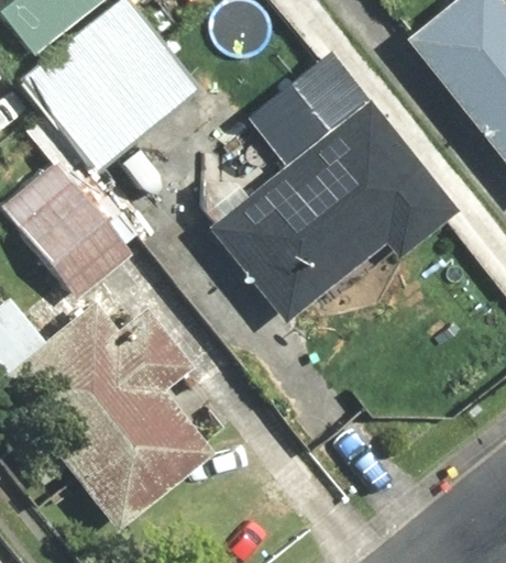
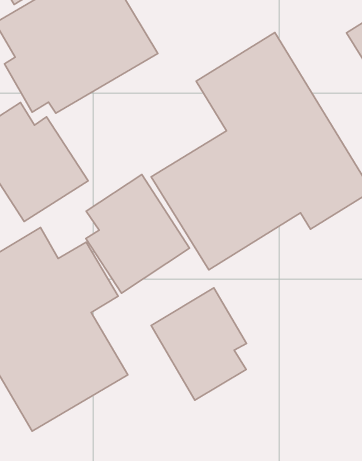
building: none -> [86,175,190,293]
building: none -> [151,288,247,400]

